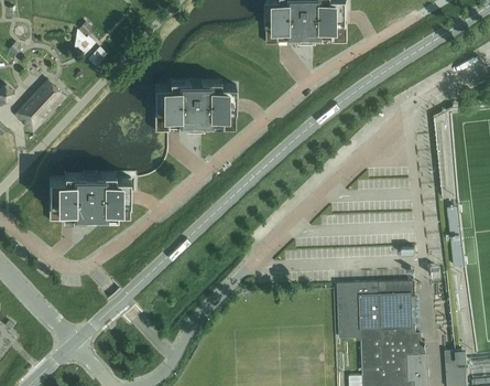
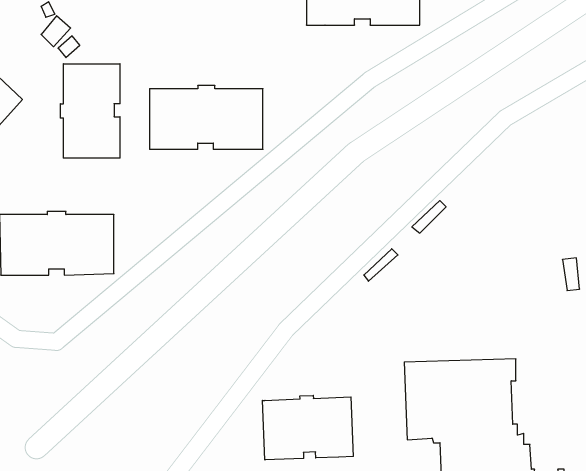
building: none -> [60,64,120,158]
building: none -> [262,395,353,460]

